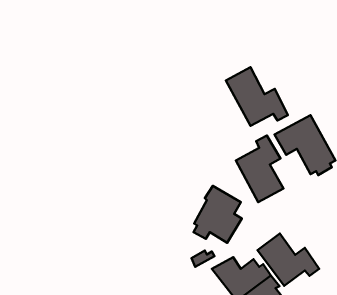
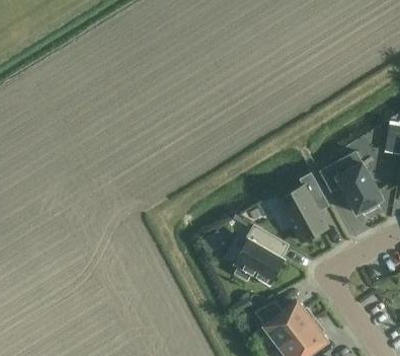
building: [226,67,288,126] -> none
building: [258,234,319,286] -> none

